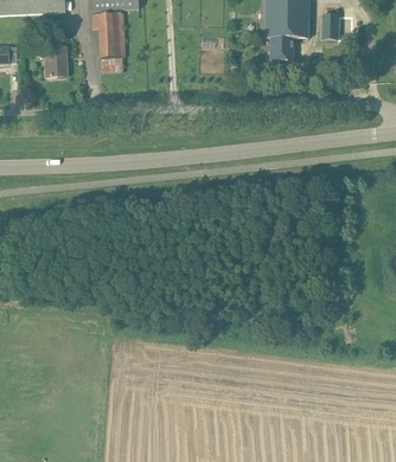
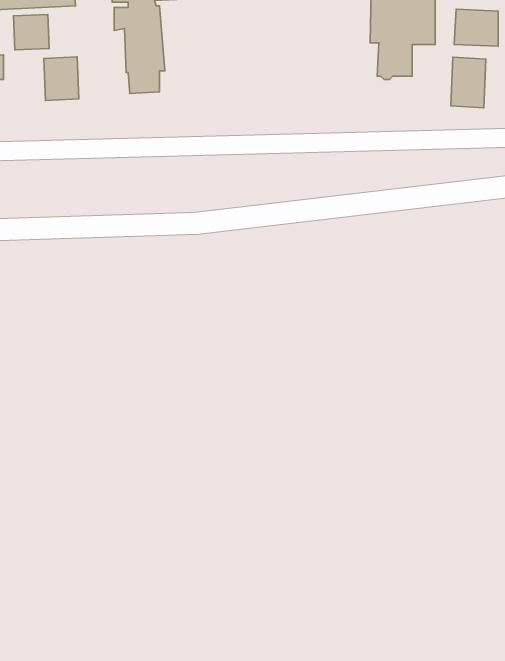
building: none -> [14,14,49,50]
building: none -> [451,57,486,108]

